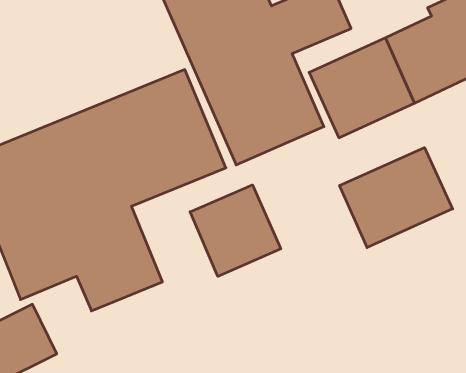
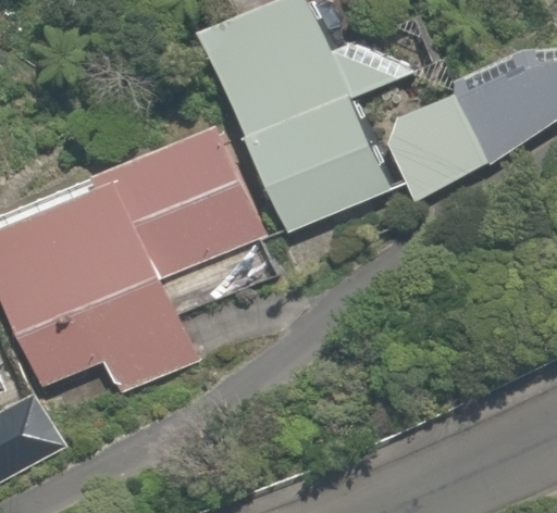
building: [340,148,453,248] -> none
building: [190,185,281,276] -> none

